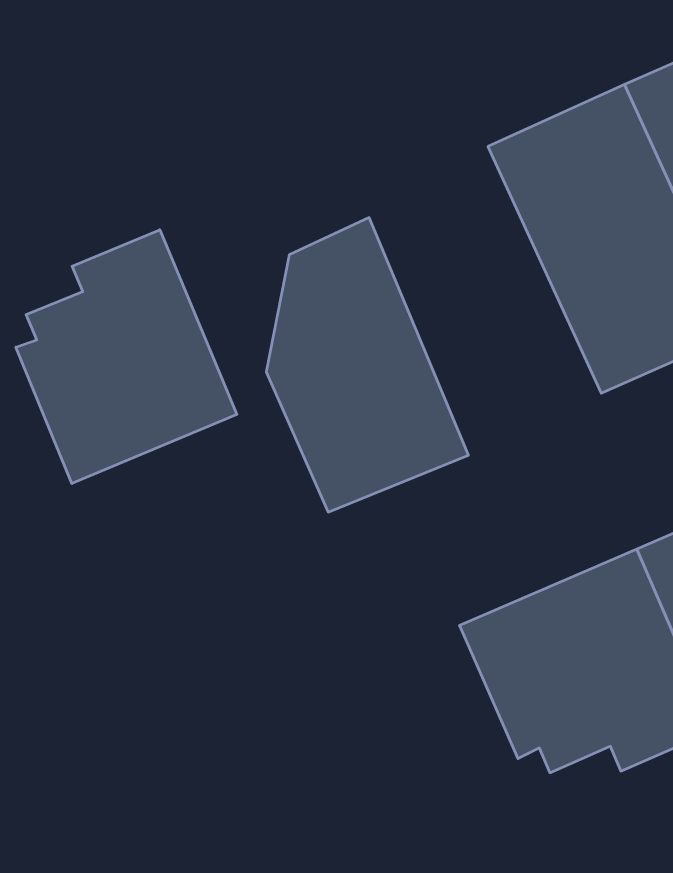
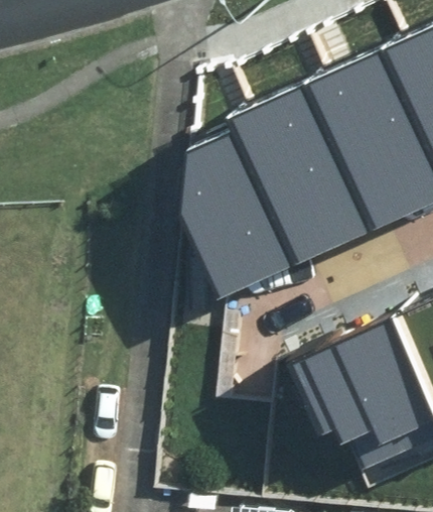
building: none -> [233,91,369,266]
building: [16,230,237,484] -> none

